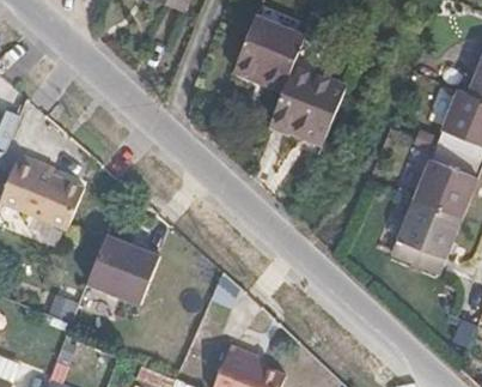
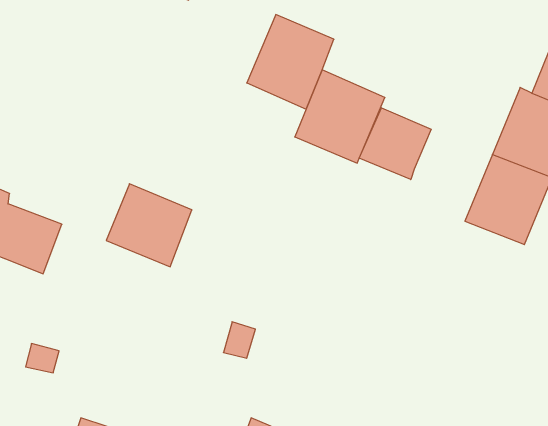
building: none -> [359,108,431,180]
building: [390,193,460,267] -> none
building: [89,236,159,304] -> [106,184,192,267]

